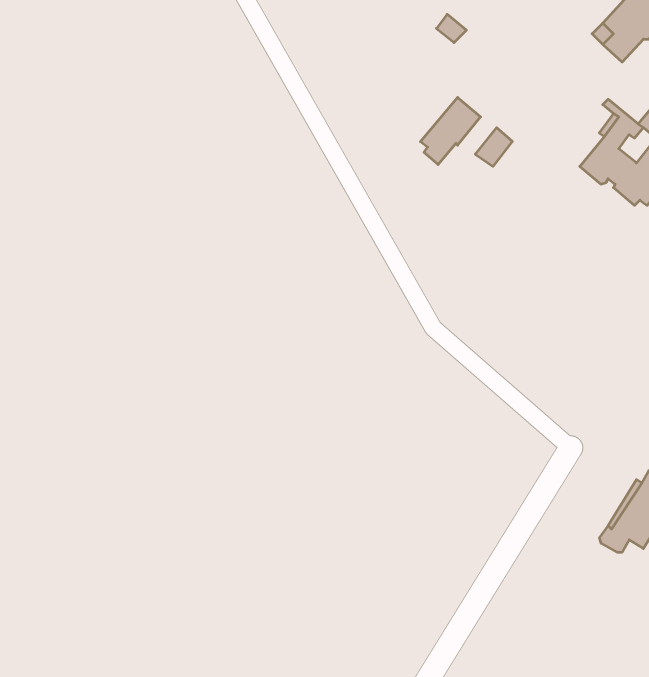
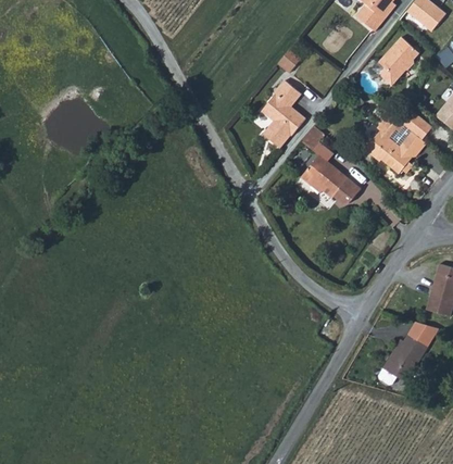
building: none -> [261,79,300,133]
building: none -> [302,153,362,202]

